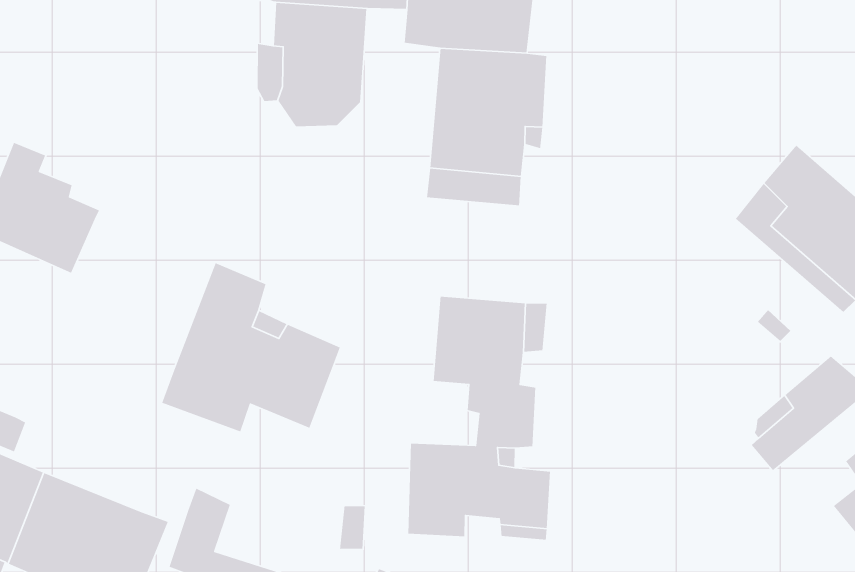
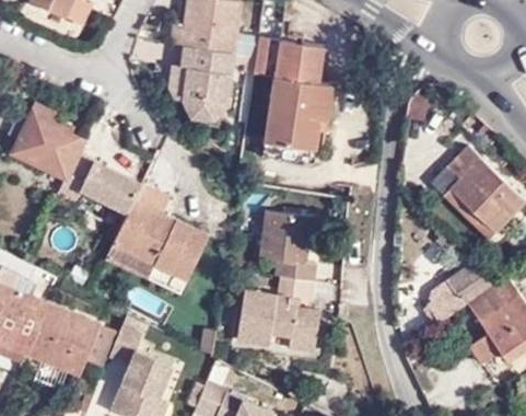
building: none -> [58,154,142,215]

